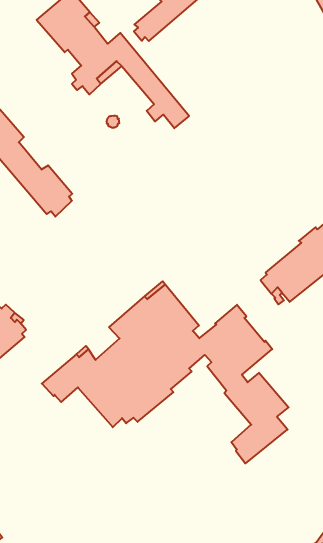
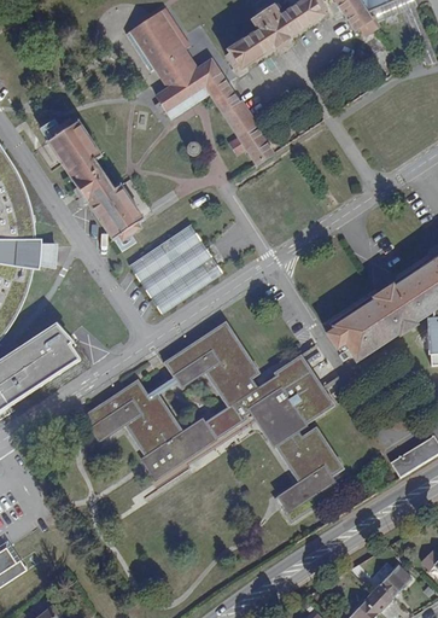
building: none -> [128,223,221,313]

